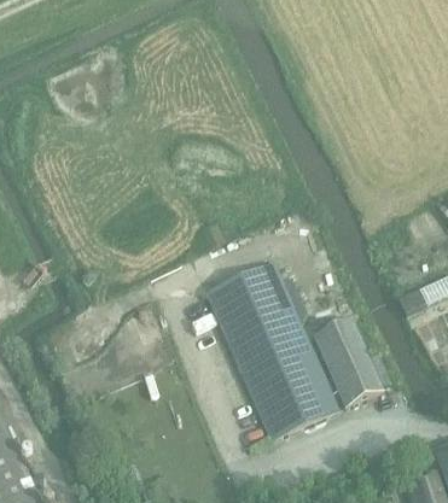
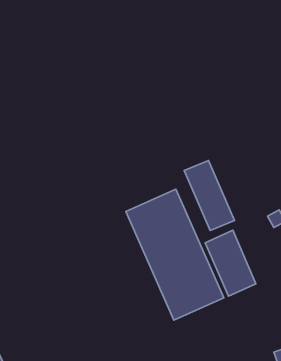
building: none -> [184,160,234,230]

